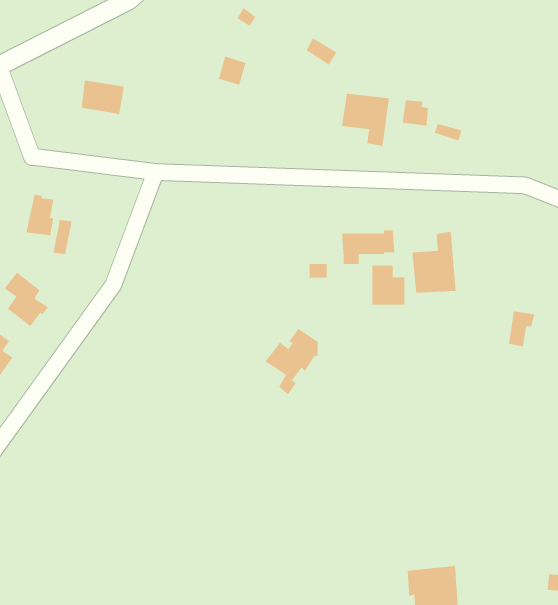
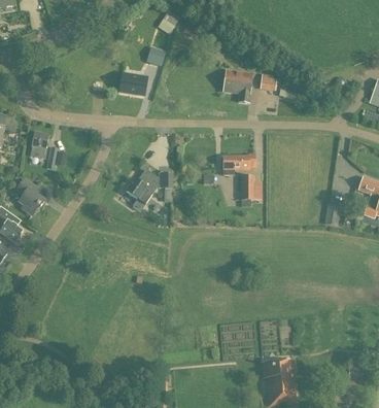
building: [81,80,125,115] -> [120,73,147,95]
building: [412,231,456,293] -> none
building: [265,328,325,395] -> [126,169,163,210]

